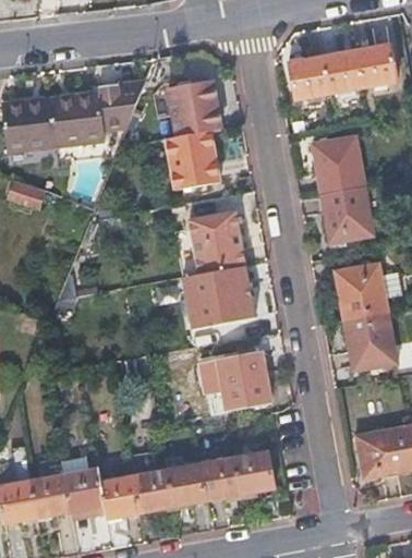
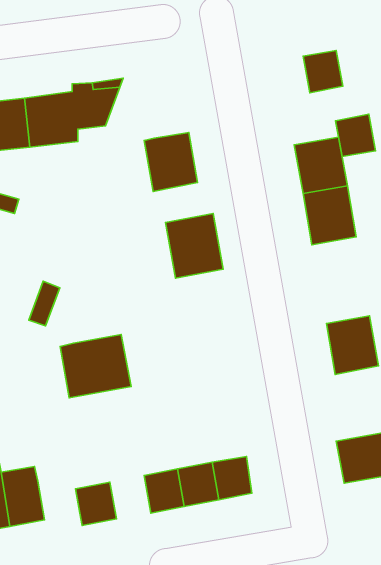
building: [354,45,393,86] -> [336,114,375,156]
building: [288,57,328,99] -> none
building: [167,80,219,137] -> none
building: [336,262,387,319] -> none
building: [183,266,253,328] -> [60,334,131,398]
building: [217,351,269,410] -> none
building: [61,469,102,520] -> none
building: [132,469,172,511] -> none

